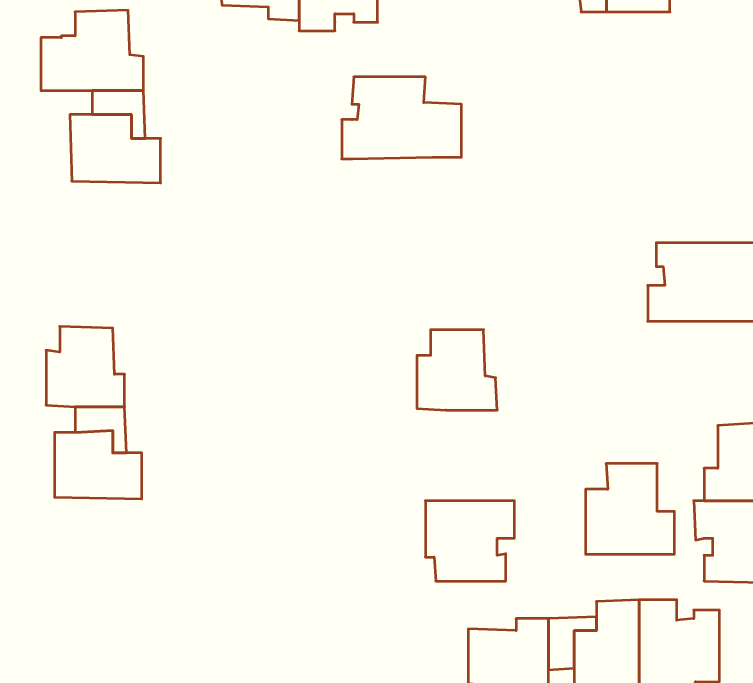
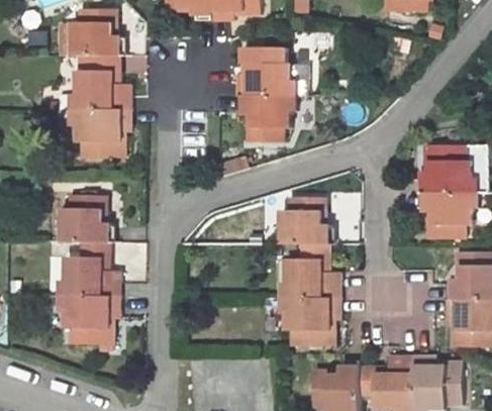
building: none -> [242,95,290,140]
building: none -> [77,109,129,158]
building: none -> [423,192,471,238]
building: [586,464,674,554] -> [286,244,338,298]
building: none -> [66,296,118,343]

